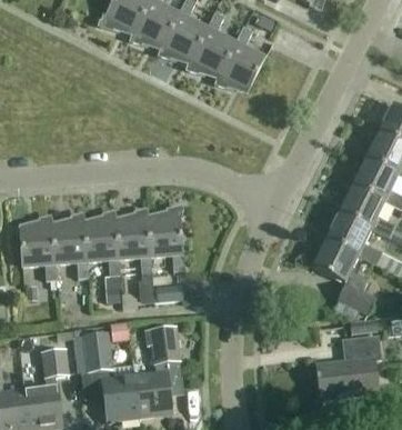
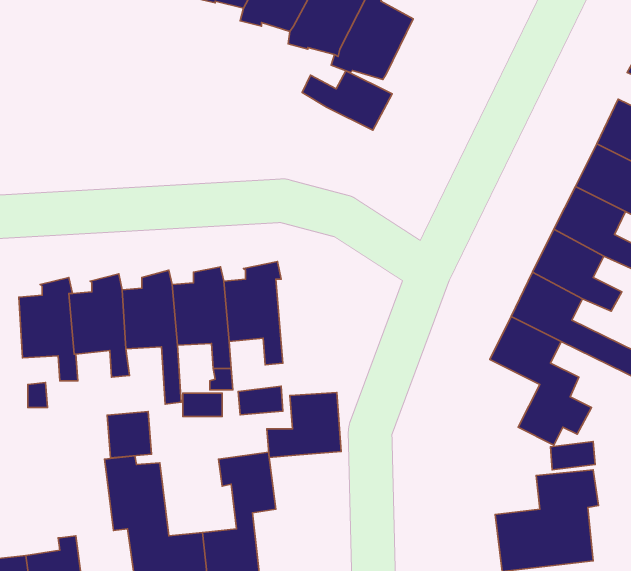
building: none -> [302,71,392,130]
building: none -> [267,392,341,457]
building: [42,348,70,377] -> [107,411,152,458]

